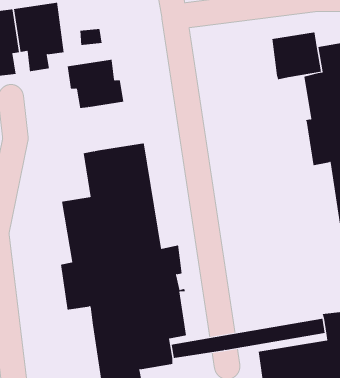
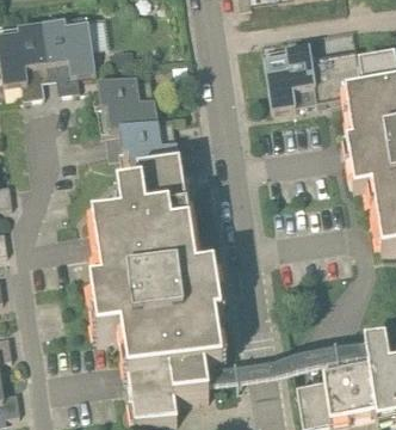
building: none -> [262,45,315,105]
building: none -> [119,119,178,171]

